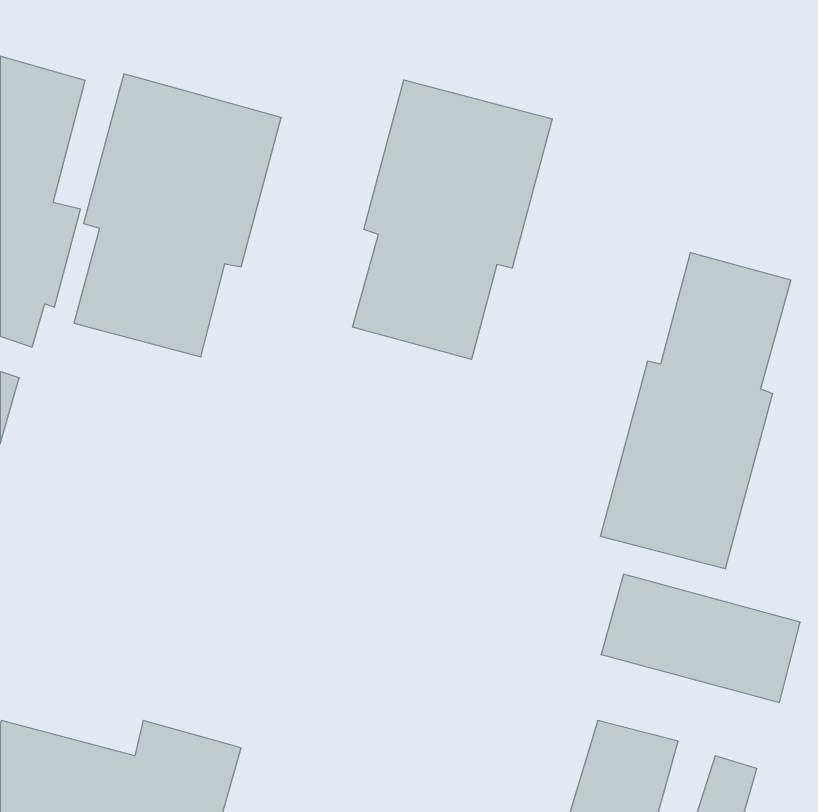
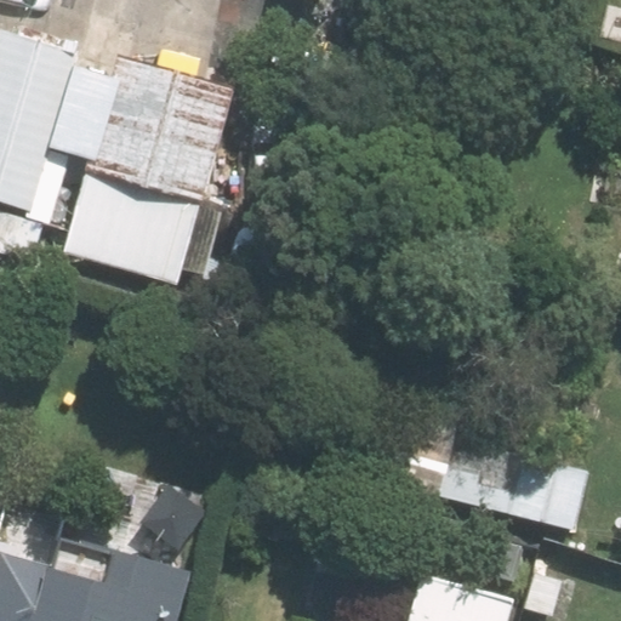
building: [353,80,552,359] -> none
building: [600,252,791,569] -> none

